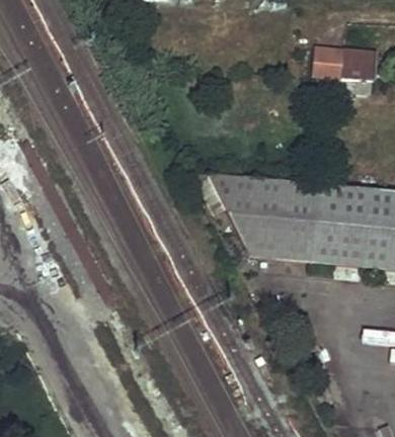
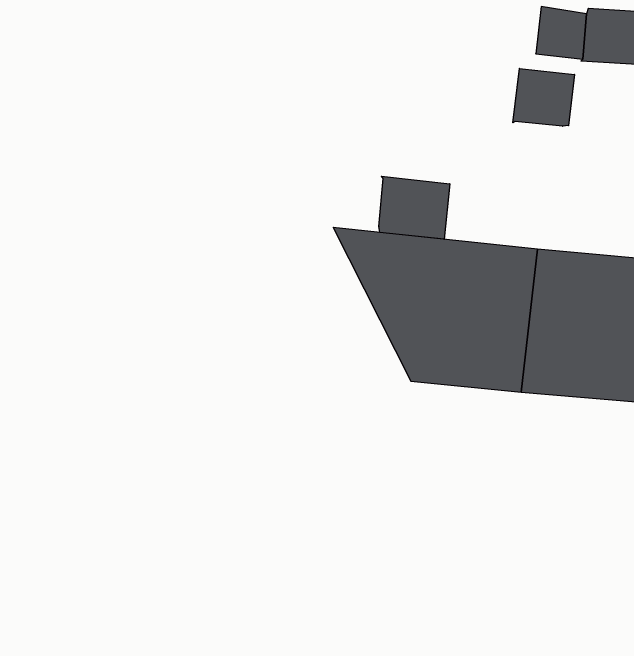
building: none -> [513,68,574,126]
building: none -> [379,176,450,239]

